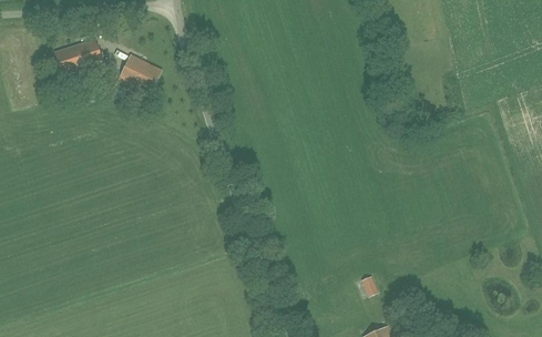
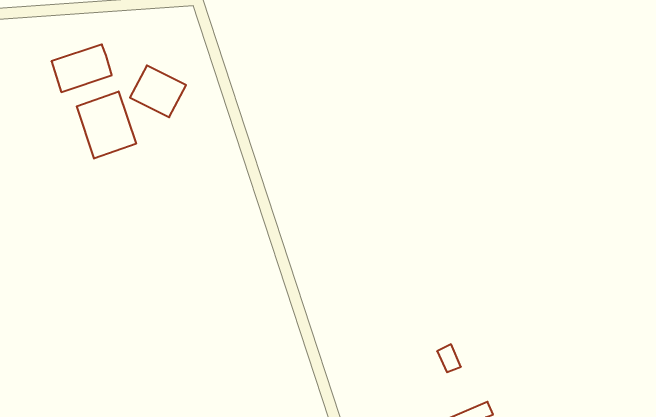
building: none -> [77,91,136,159]

